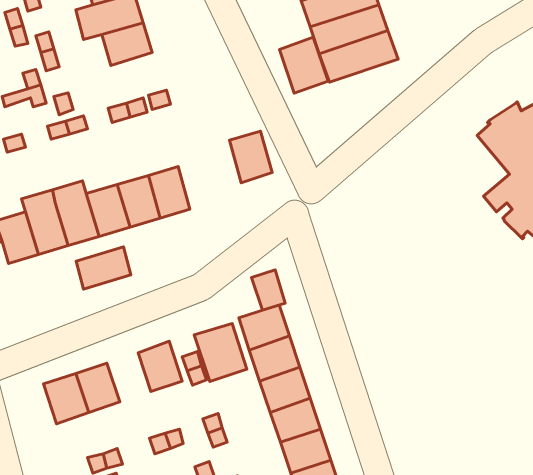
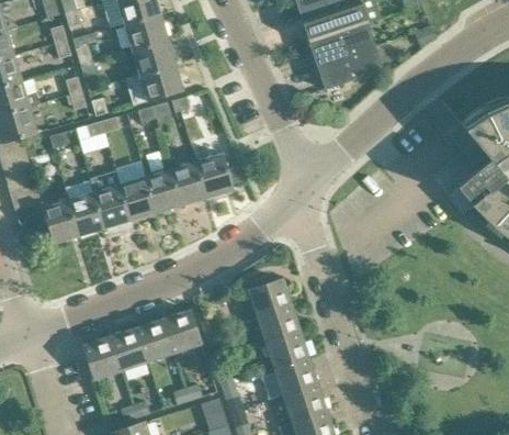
building: [279,37,328,93] -> none
building: none -> [125,64,182,104]
building: [230,131,272,183] -> [196,153,233,197]
building: [76,247,131,289] -> none
building: [252,270,285,310] -> none
building: [194,324,247,381] -> none
building: none -> [136,319,173,360]

